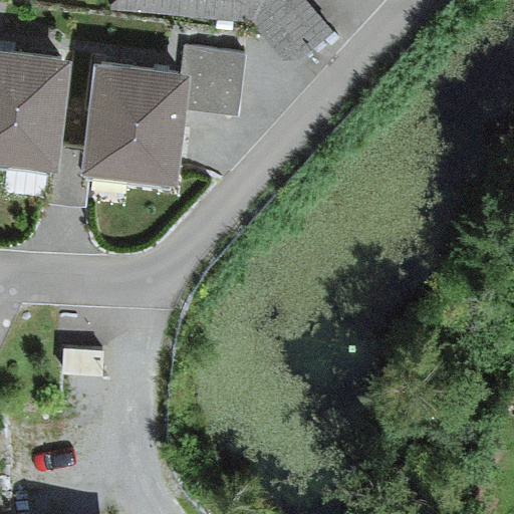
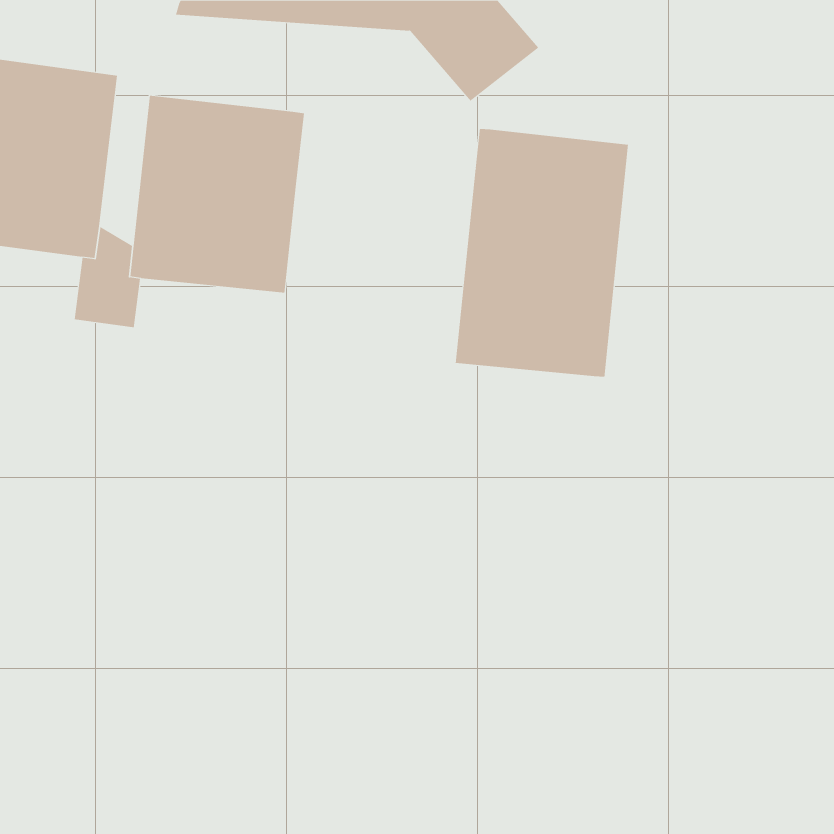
building: [180,46,246,122] -> none
building: none -> [455,128,629,377]

